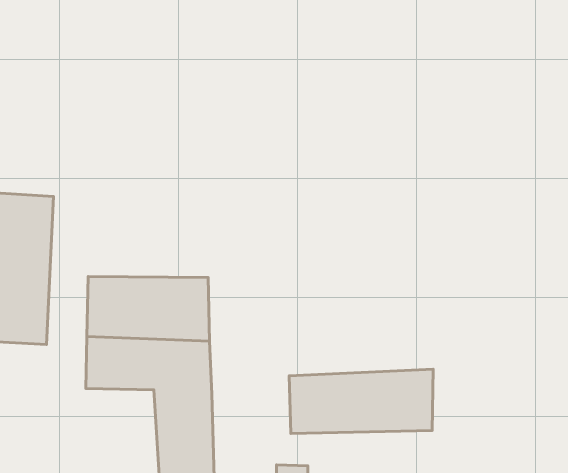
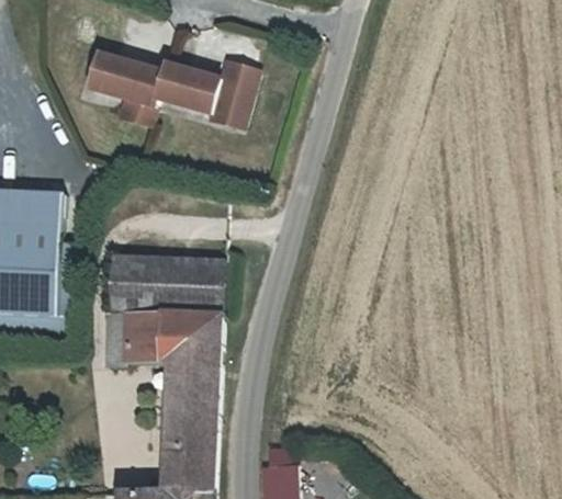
building: none -> [91,49,256,126]
building: [289,369,433,434] -> none

